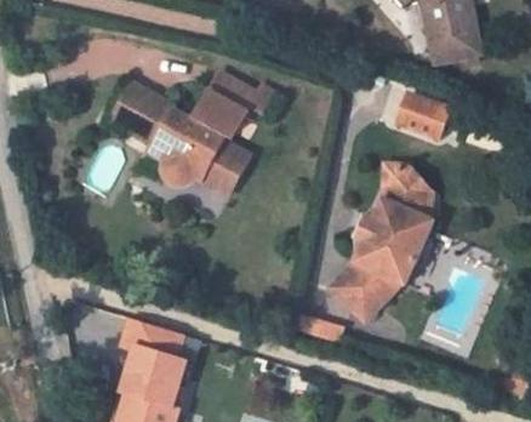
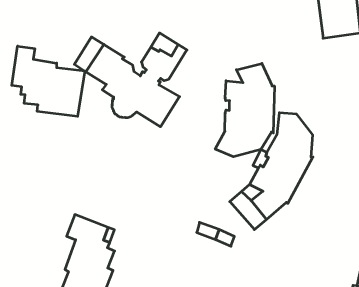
building: [396,90,450,135] -> none
building: none -> [215,63,274,157]
building: none -> [12,46,85,116]

